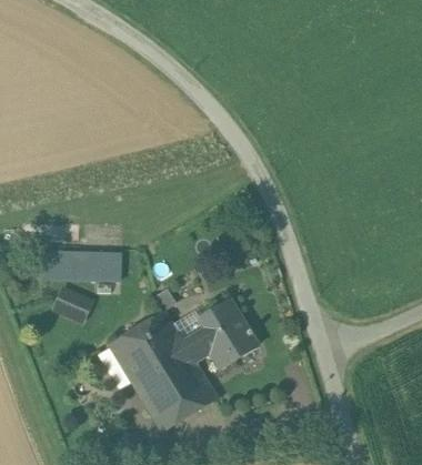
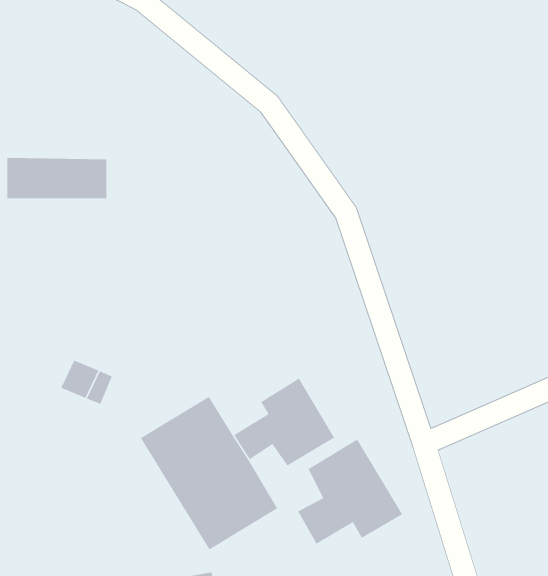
building: [49,249,123,280] -> [6,157,107,199]
building: none -> [297,438,403,545]

